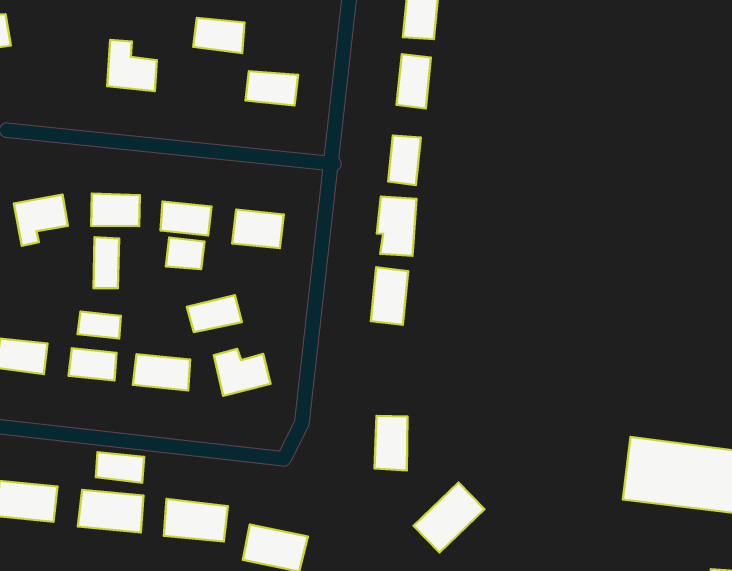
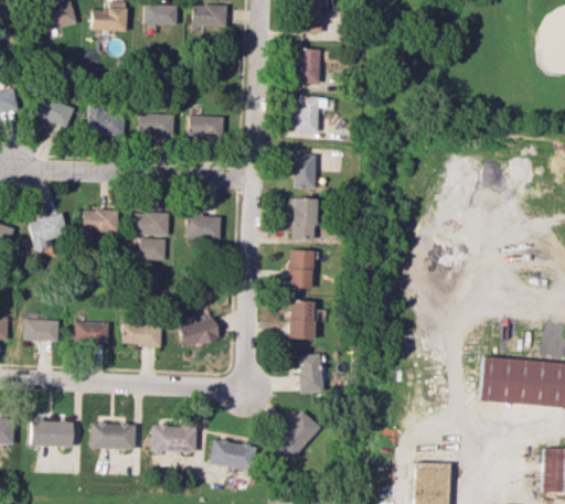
building: [193,18,244,53] -> [139,114,174,137]
building: none -> [34,95,75,128]
building: [93,237,119,288] -> none
building: [187,295,242,332] -> none
building: [77,312,121,339] -> none
building: none -> [289,301,315,339]
building: [96,452,144,483] -> none
building: [414,483,484,552] -> [270,410,320,461]

